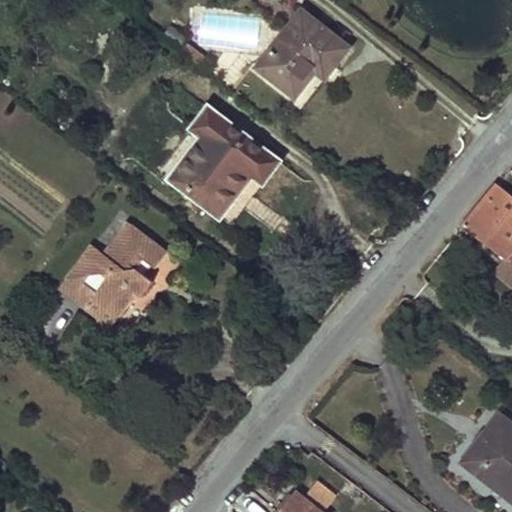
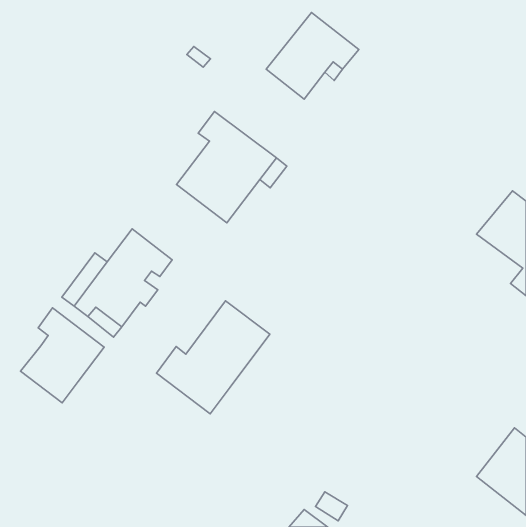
building: none -> [156,301,270,414]
building: none -> [21,308,104,403]

